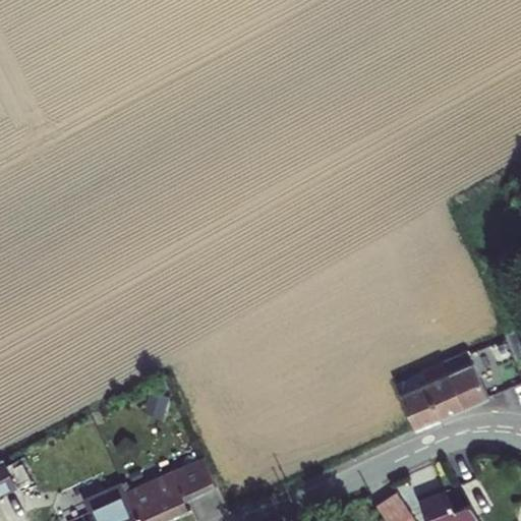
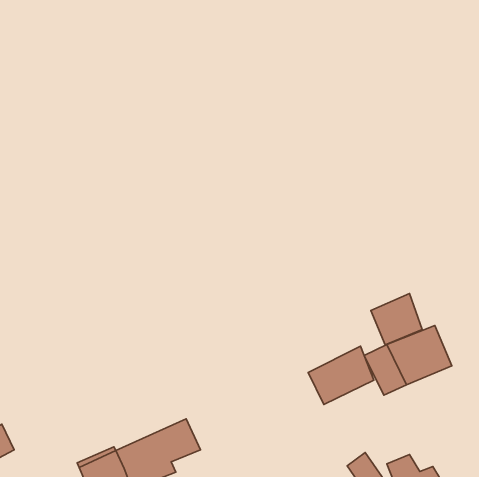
building: none -> [371,293,422,345]
building: none -> [308,346,374,405]

